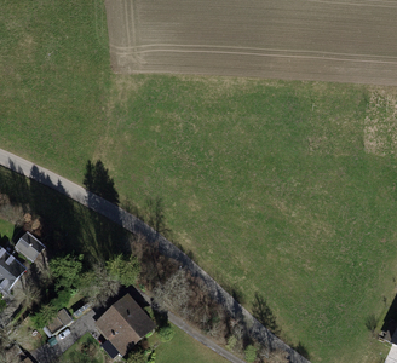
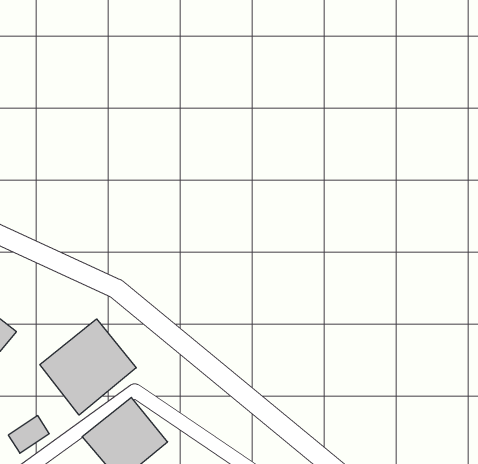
building: none -> [40,319,136,415]

